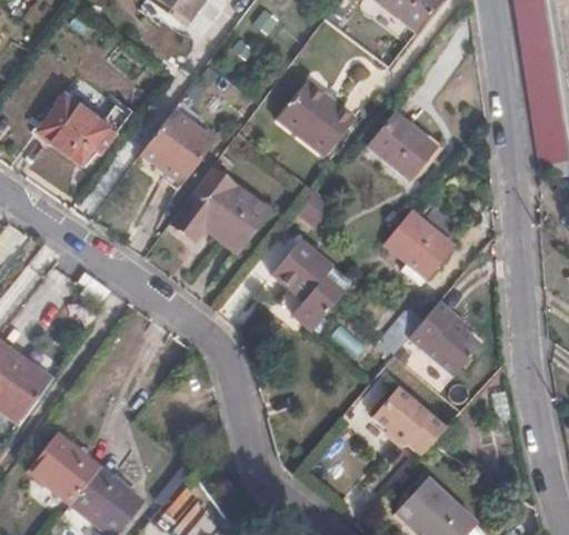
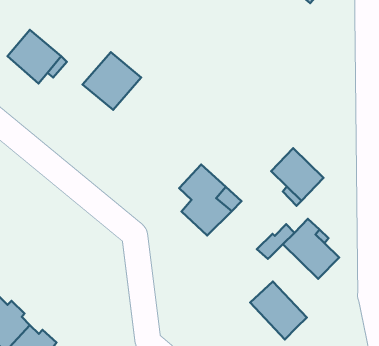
building: [278,79,358,156] -> none
building: [367,112,432,178] -> none
building: [171,166,269,250] -> none

